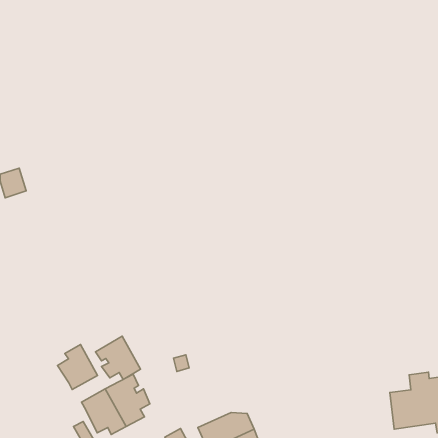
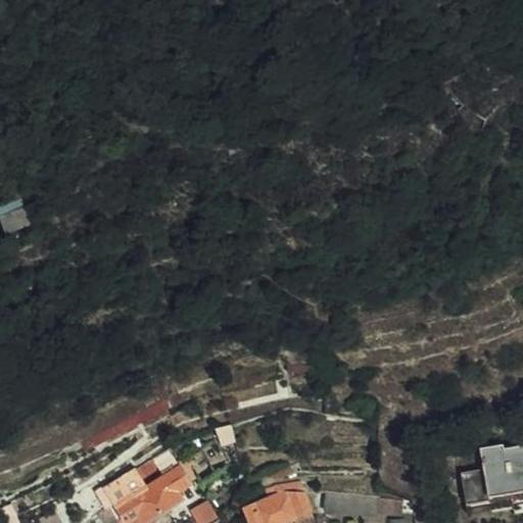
building: [95,336,141,379] -> none
building: [58,345,97,389] -> none

